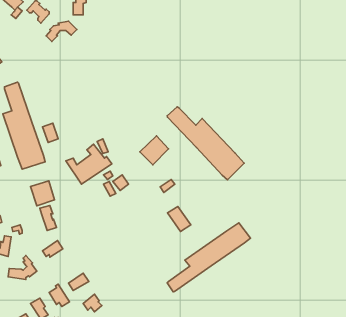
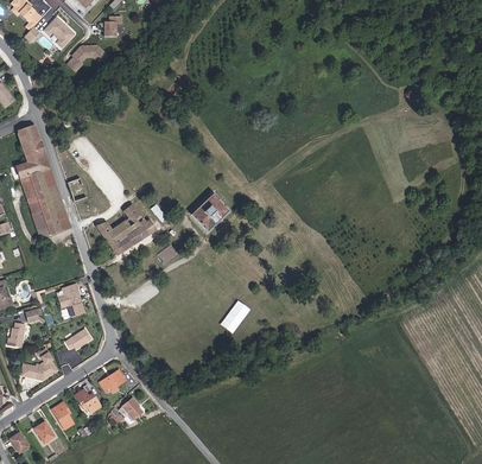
building: [167,107,244,180] -> none
building: [30,181,54,206] -> none
building: [167,223,250,292] -> none

